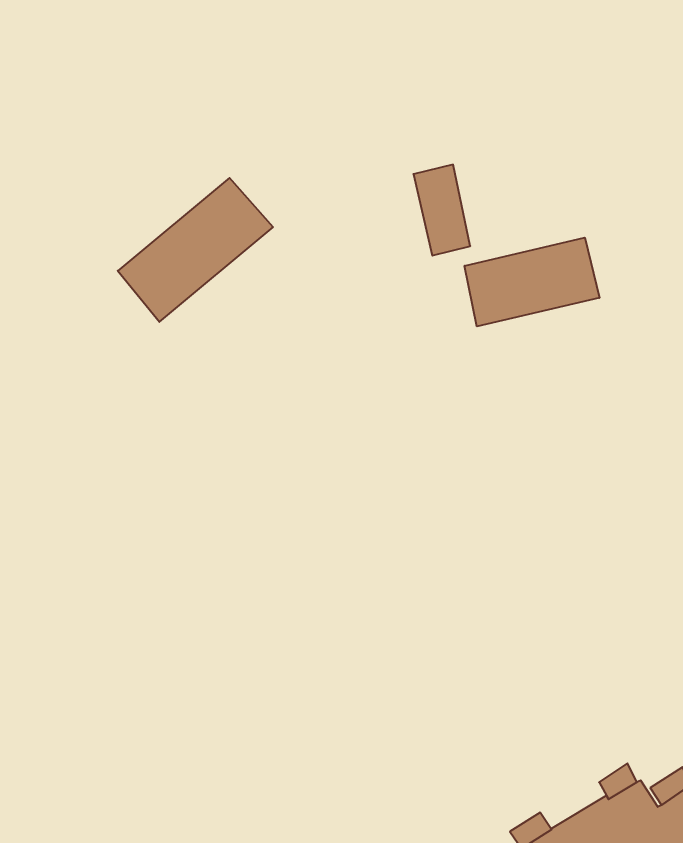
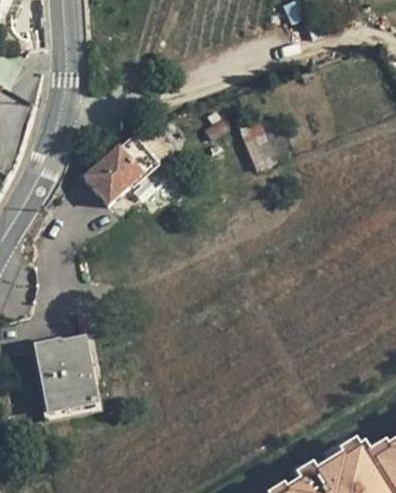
building: [465,238,599,326] -> none
building: none -> [36,340,96,413]

